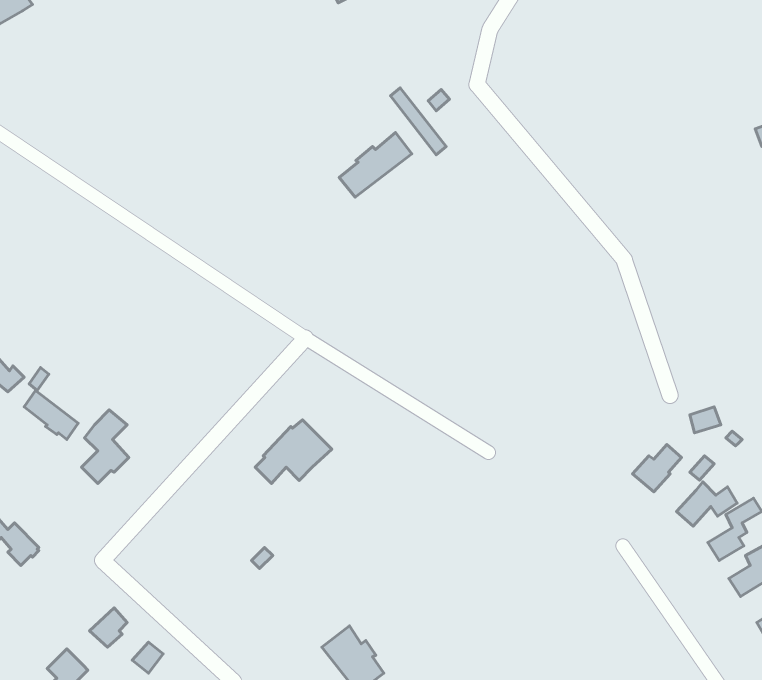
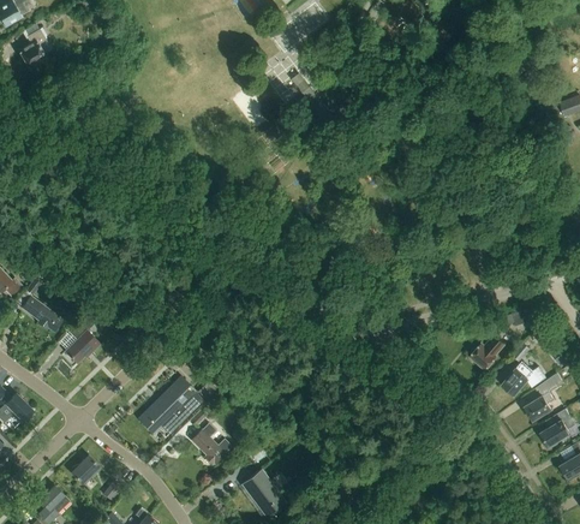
building: none -> [18,30,49,70]
building: [339,132,412,197] -> none
building: [255,420,332,484] -> [147,380,203,427]
building: none -> [189,429,223,465]

